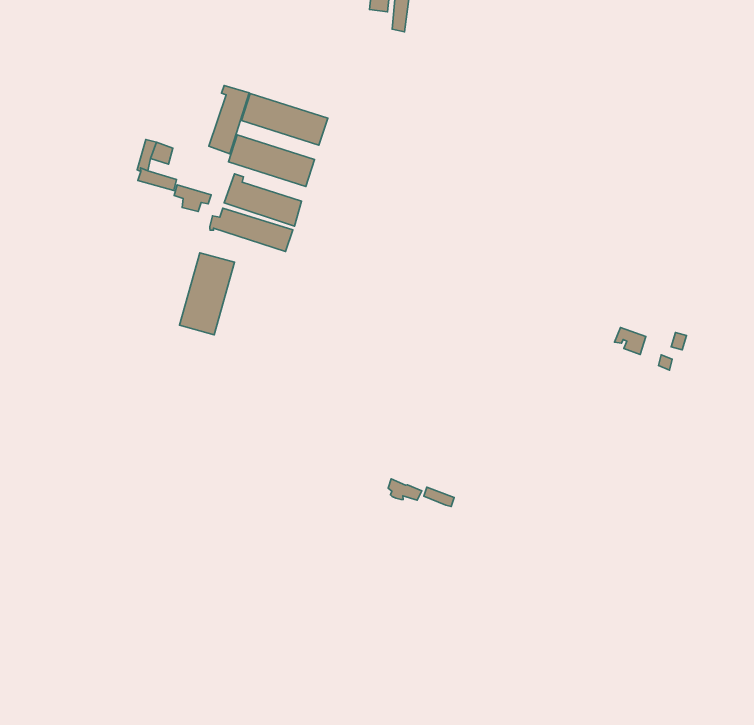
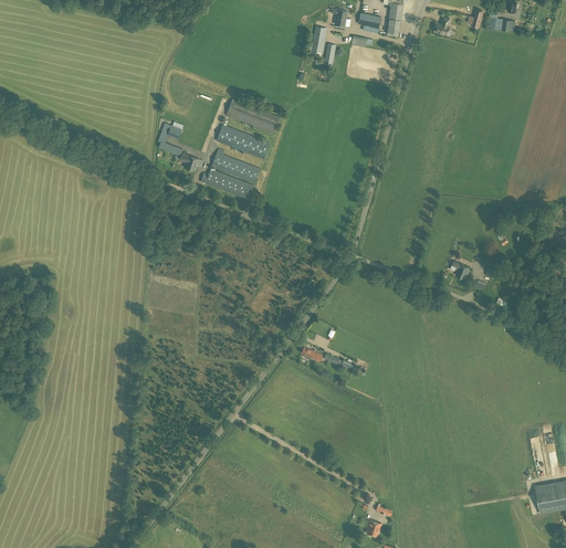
building: [209,85,249,154] -> none
building: [180,253,234,335] -> none

